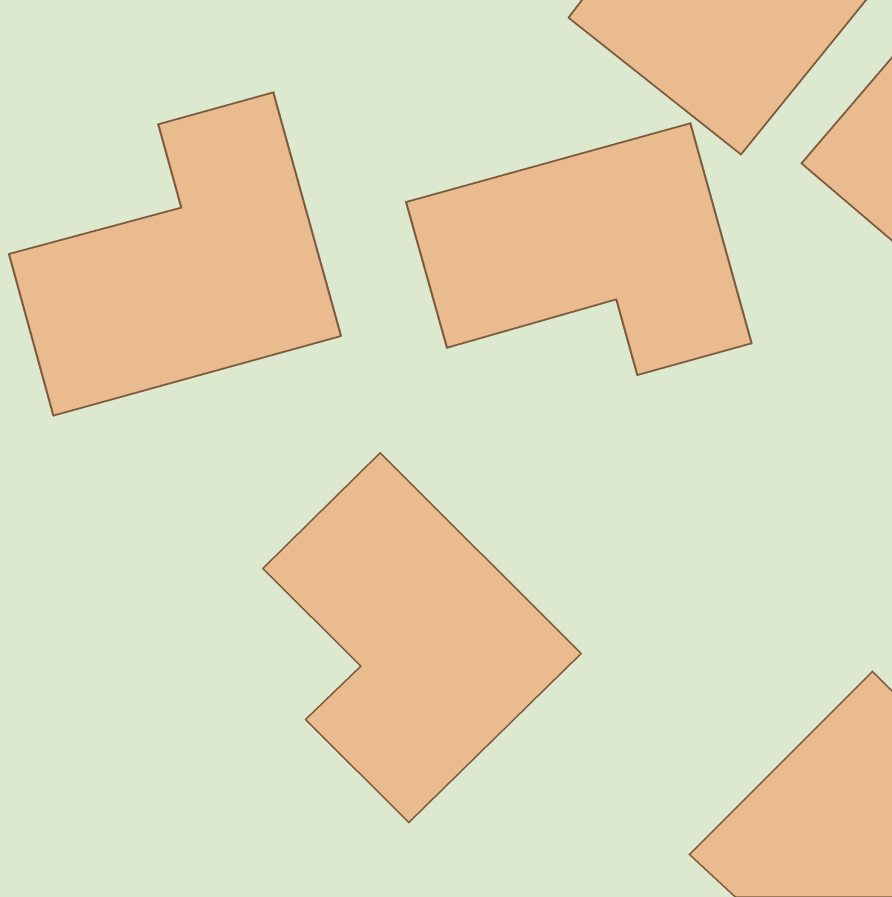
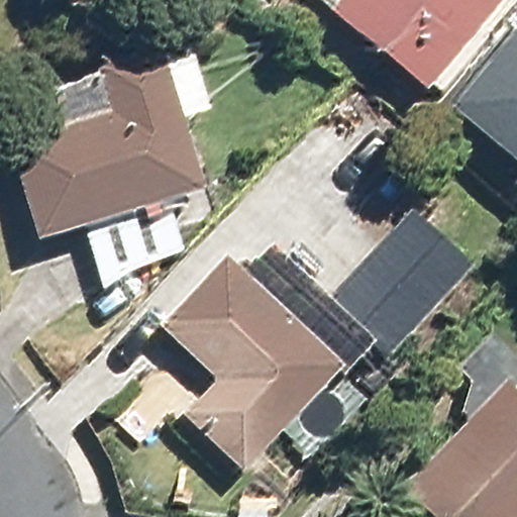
building: [406,123,751,375] -> none
building: none -> [338,211,478,354]

